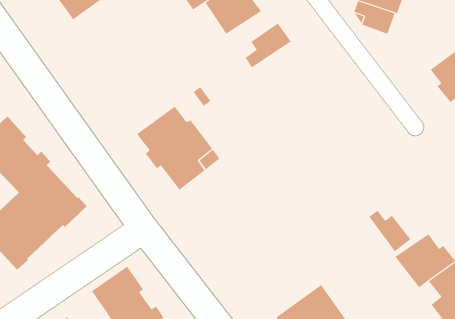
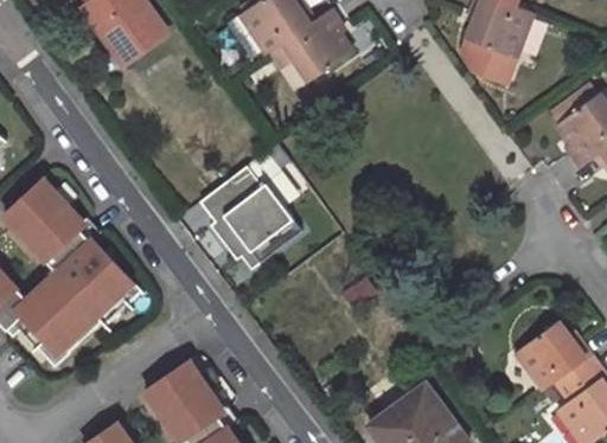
building: [245,22,292,68] -> none
building: [369,210,411,252] -> none

